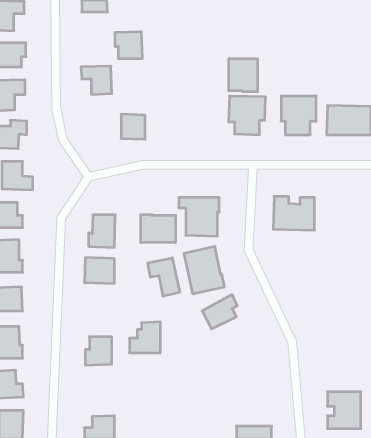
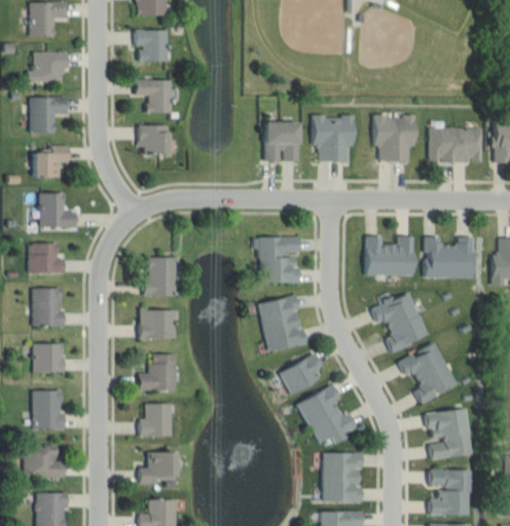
building: [115,32,142,58] -> [135,30,168,62]
building: [229,59,258,92] -> [265,123,300,162]
building: [121,114,145,139] -> [140,125,169,155]
building: none -> [425,237,474,278]
building: [141,214,176,243] -> none
building: none -> [371,293,428,350]
building: [148,258,180,296] -> none
building: none -> [398,342,458,403]
building: none -> [298,385,358,445]
building: [129,322,160,353] -> [139,354,176,391]
building: none -> [426,409,472,459]
building: none -> [139,451,178,481]
building: none -> [323,453,363,500]

